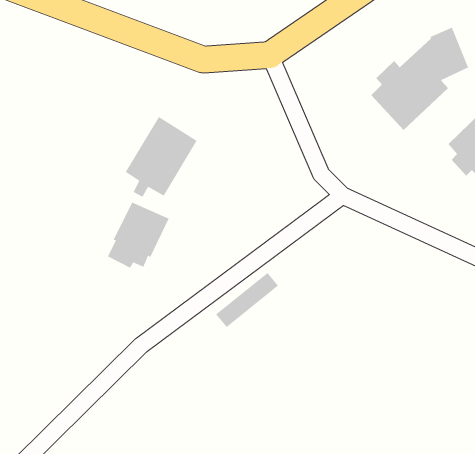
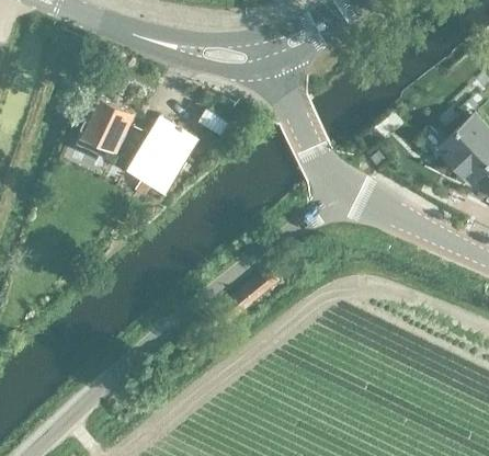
building: [370,27,469,131] -> none
building: [107,202,170,269] -> [72,96,134,162]

